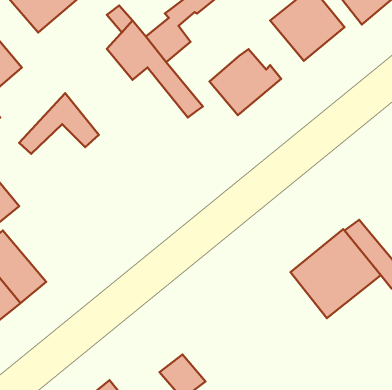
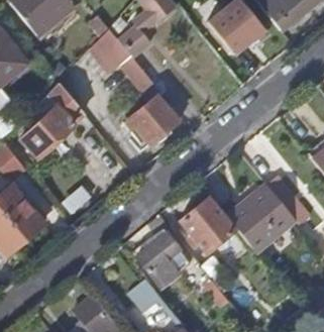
building: [209,49,281,115] -> [127,95,181,144]
building: none -> [20,105,73,157]
building: none -> [180,198,234,252]
building: none -> [132,233,183,292]

